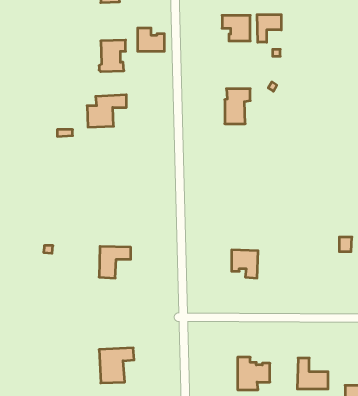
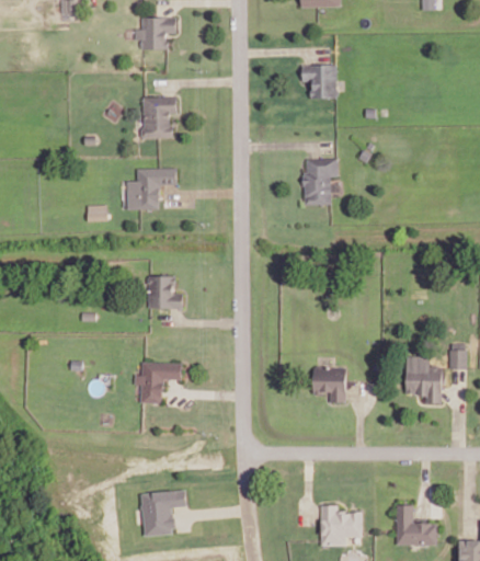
building: [257,15,281,42] -> none
building: [138,28,164,51] -> none
building: none -> [148,275,183,308]
building: none -> [405,355,441,402]

